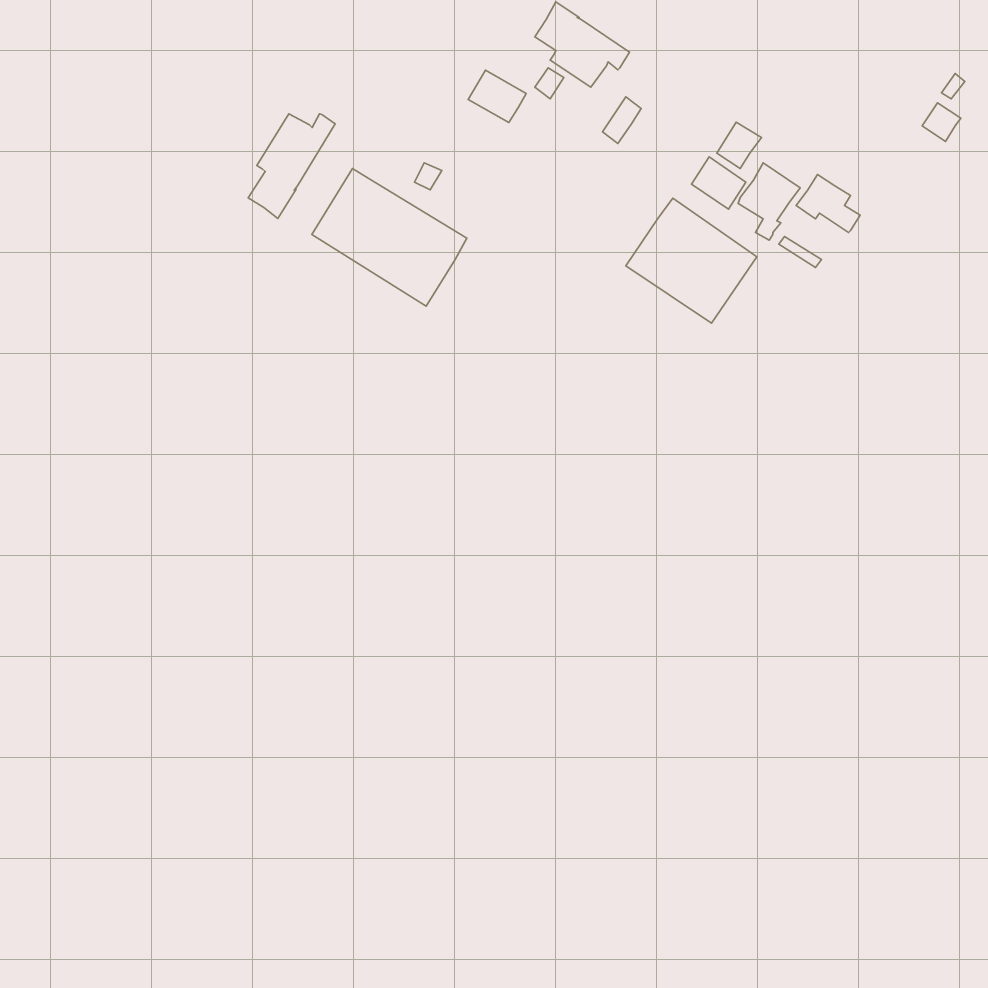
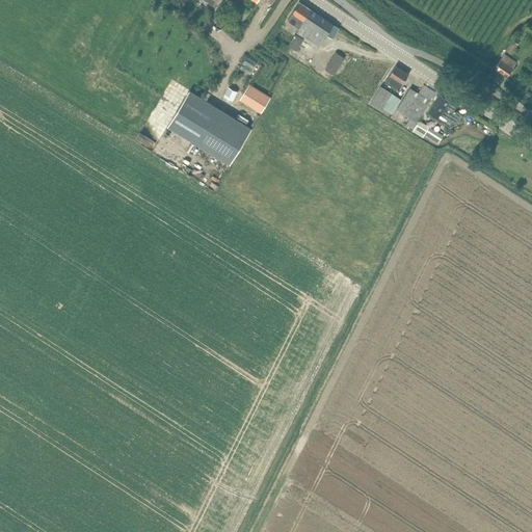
building: [468,70,526,123] -> [239,85,270,113]
building: [248,114,335,219] -> none
building: [626,198,757,323] -> none

